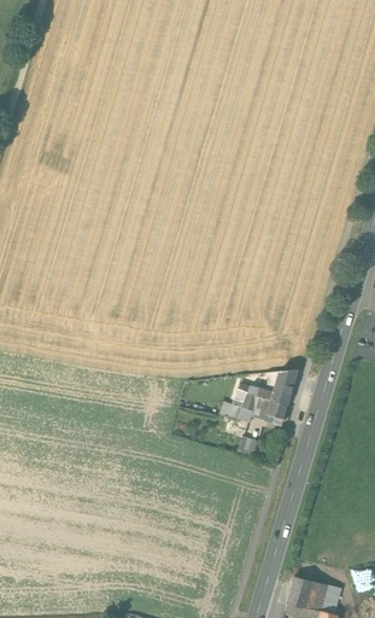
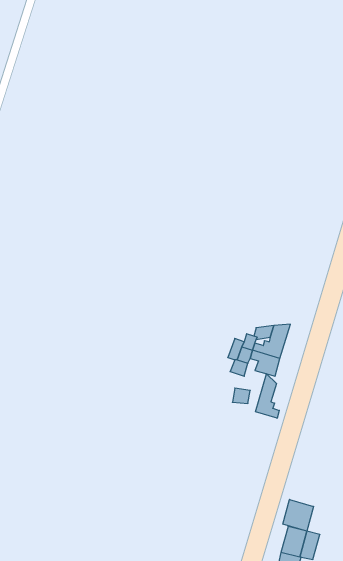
building: none -> [255,374,279,418]
building: none -> [283,499,314,531]

